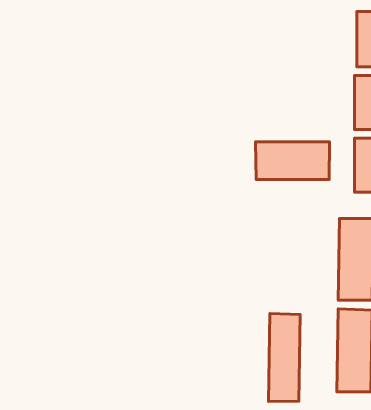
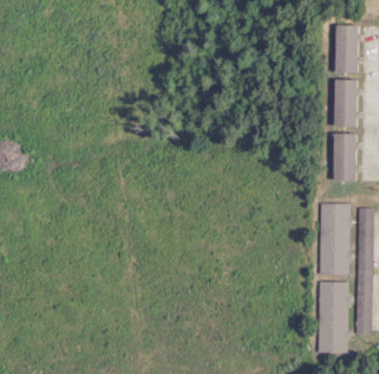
building: [255,142,330,180] -> none
building: [268,313,300,402] -> none

